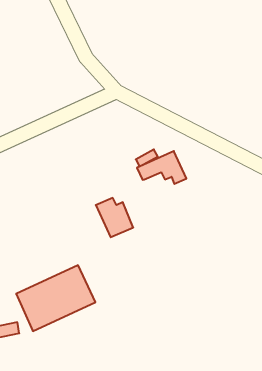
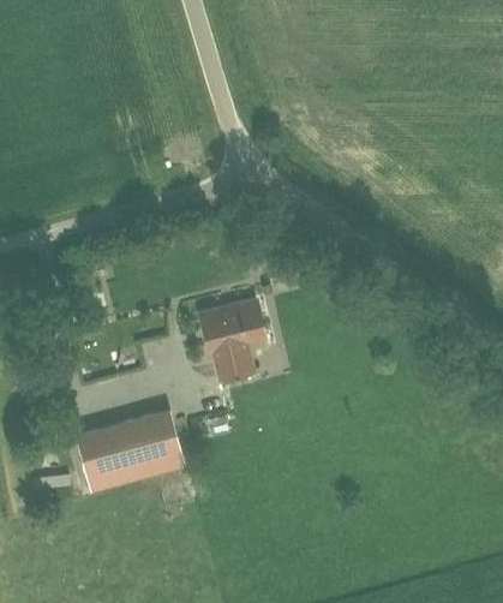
building: [137,151,186,184] -> [199,298,265,344]

